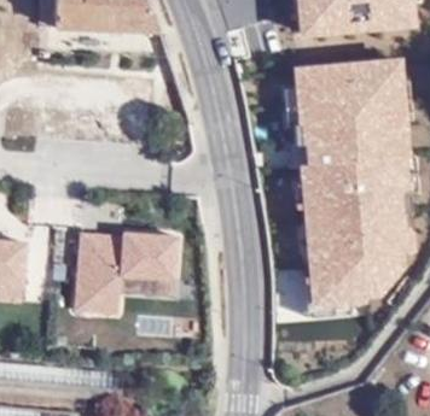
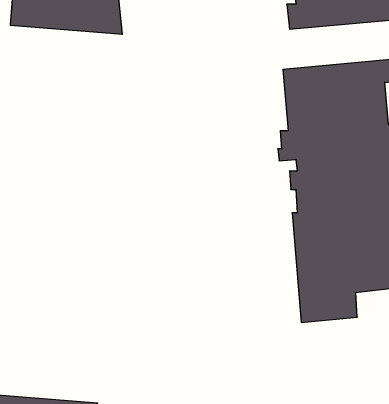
building: [75,234,179,316] -> none

